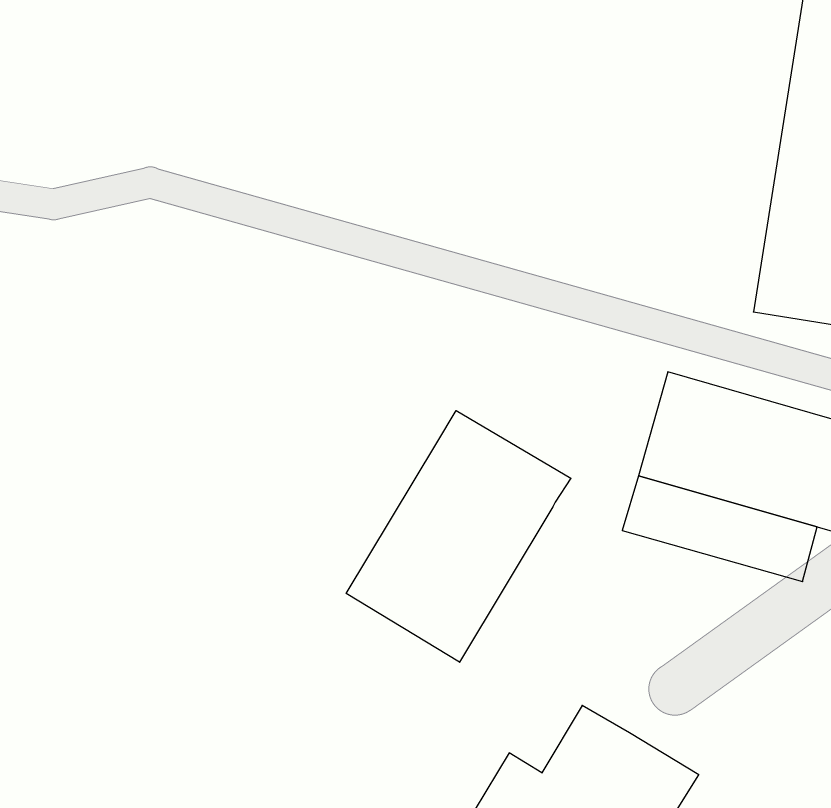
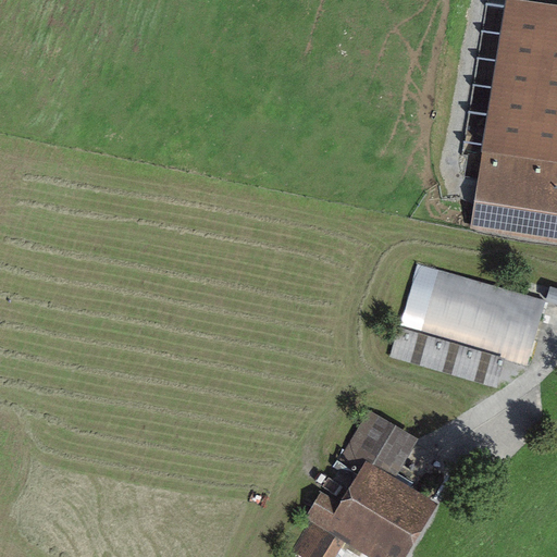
building: [346,411,571,662] -> none
building: none -> [347,409,420,479]

